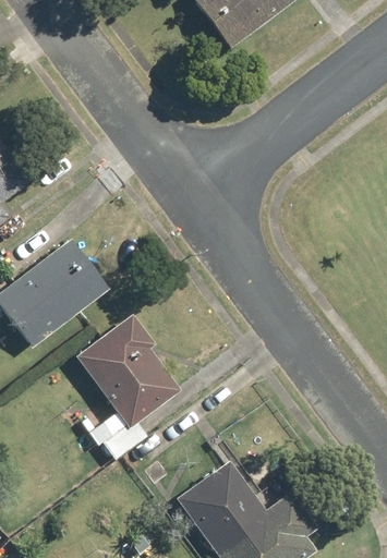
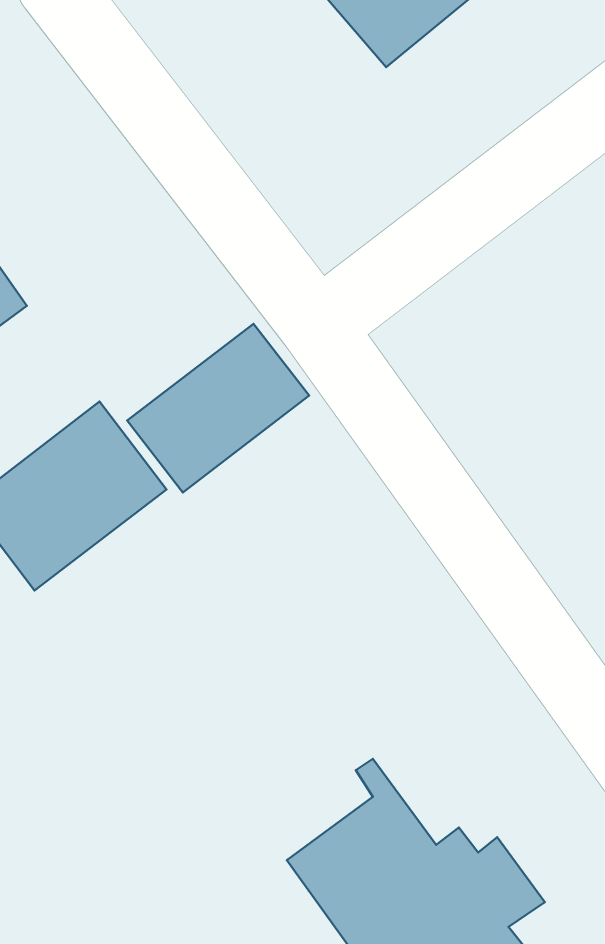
building: none -> [127,324,309,492]
building: [75,316,181,460] -> none

